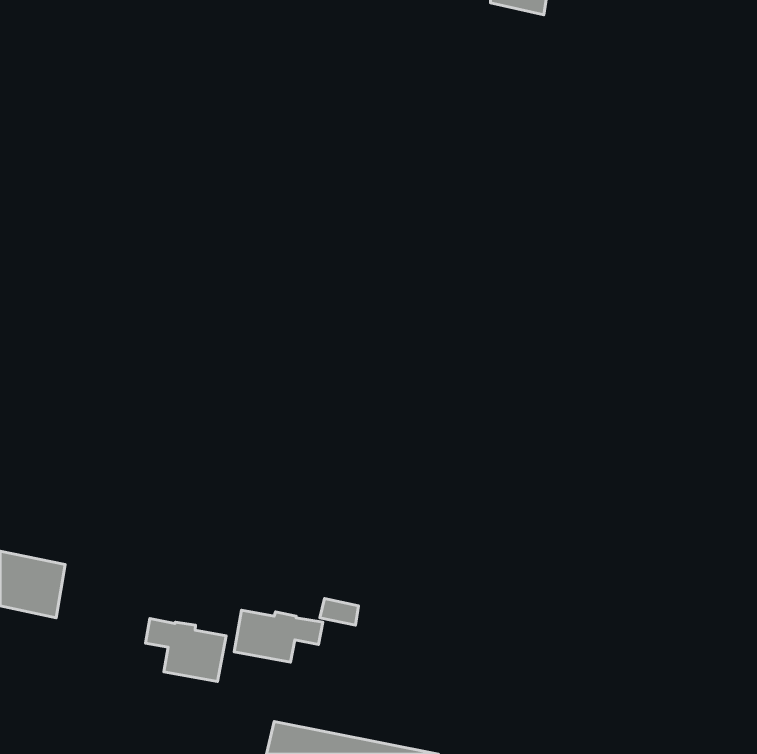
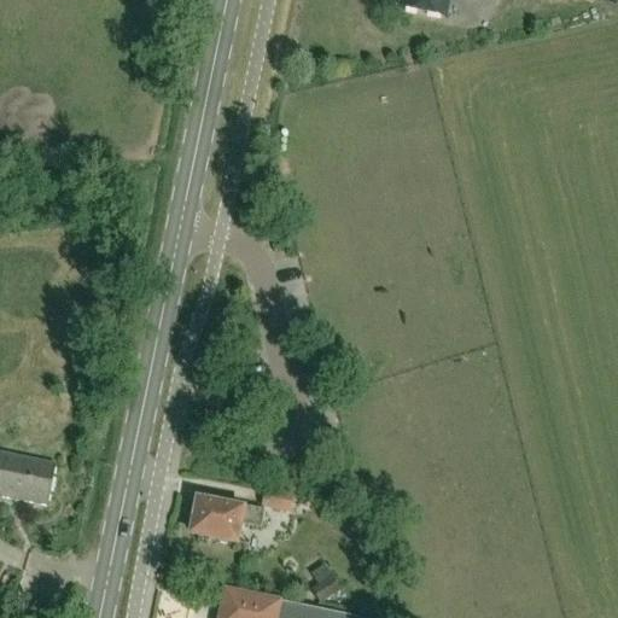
building: [146,618,226,682] -> none

